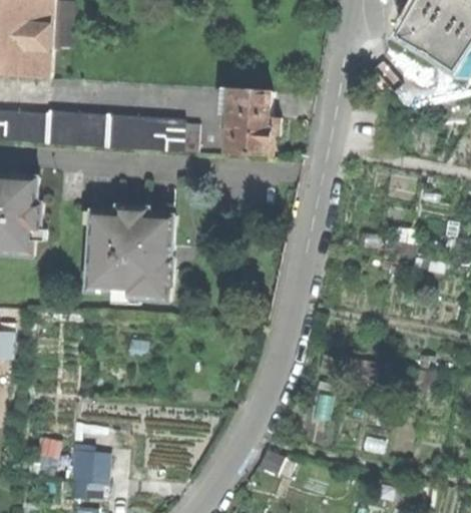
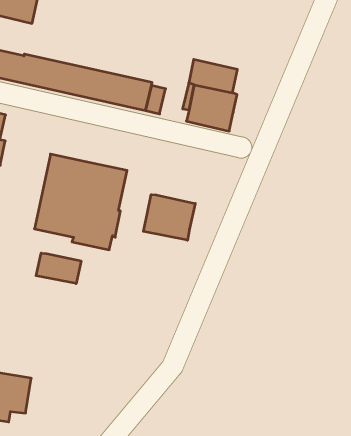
building: none -> [143,195,195,240]
building: none -> [36,253,81,284]

